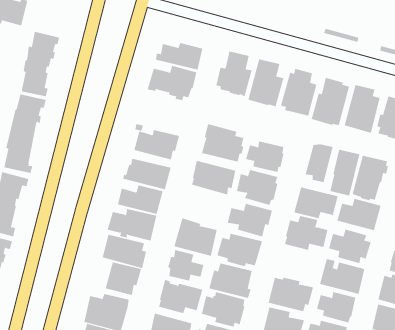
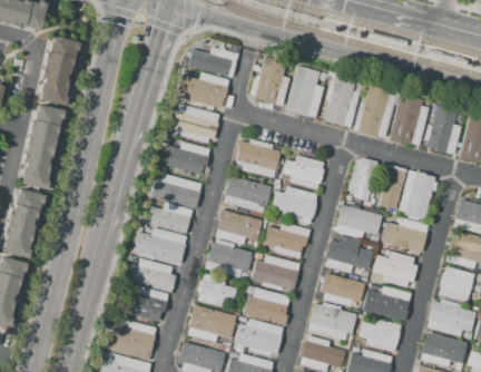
building: none -> [174,105,219,144]
building: none -> [216,209,263,245]
building: none -> [322,274,367,307]

